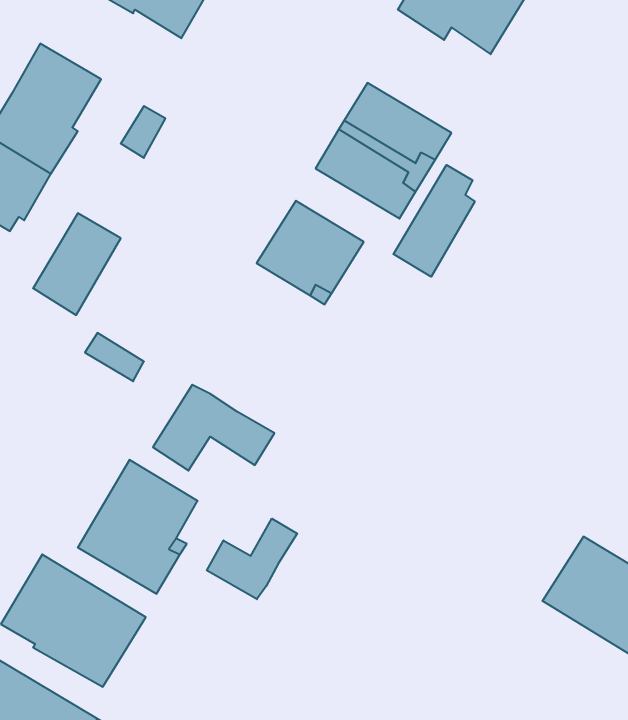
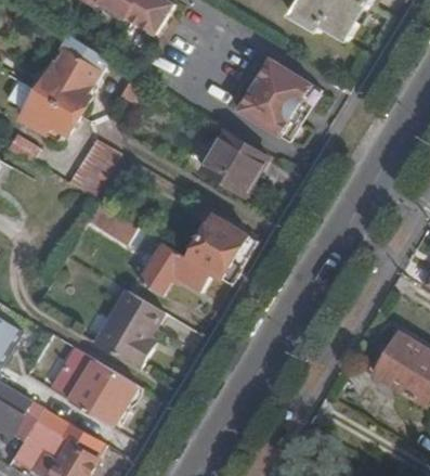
building: [393,165,475,277] -> none
building: none -> [188,215,256,282]
building: [207,519,297,599] -> none

